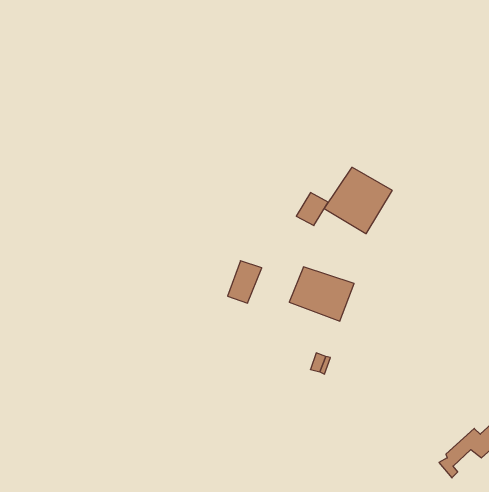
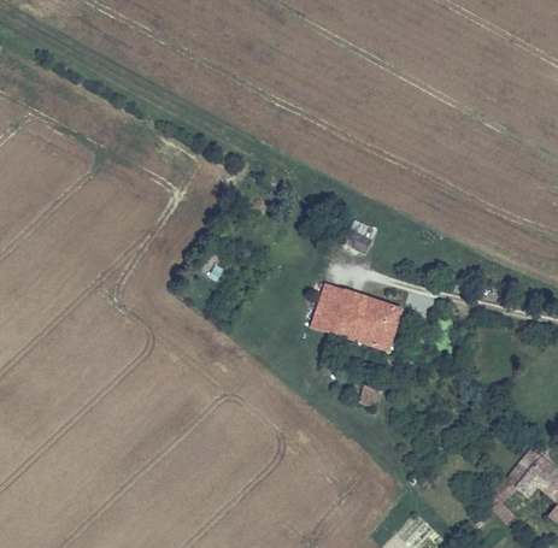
building: [324,167,392,234] -> none
building: [228,261,262,303] -> [316,285,351,329]

